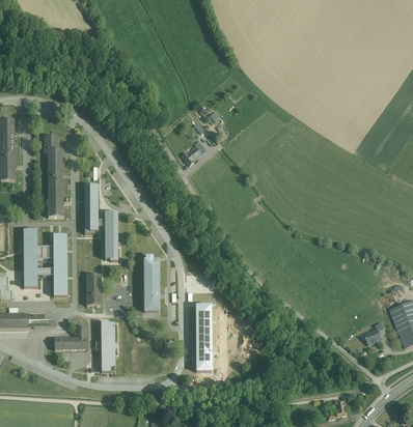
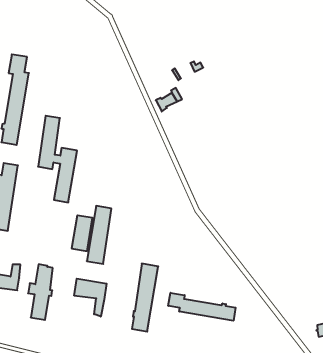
building: [86,275,101,306] -> [72,215,93,251]
building: none -> [168,293,236,321]
building: none -> [74,279,107,317]

